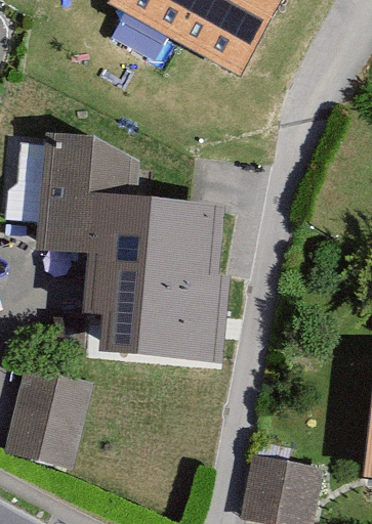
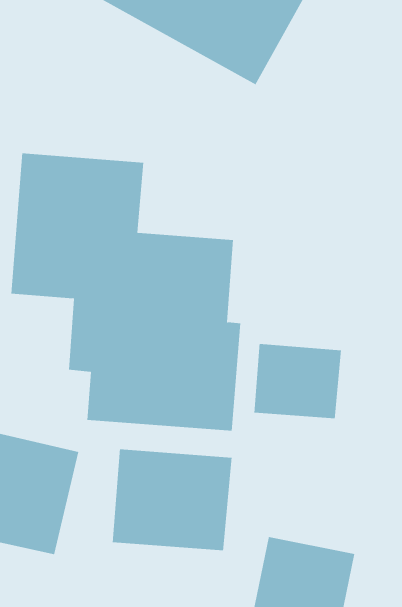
building: none -> [254,343,341,419]
building: none -> [112,448,232,551]

